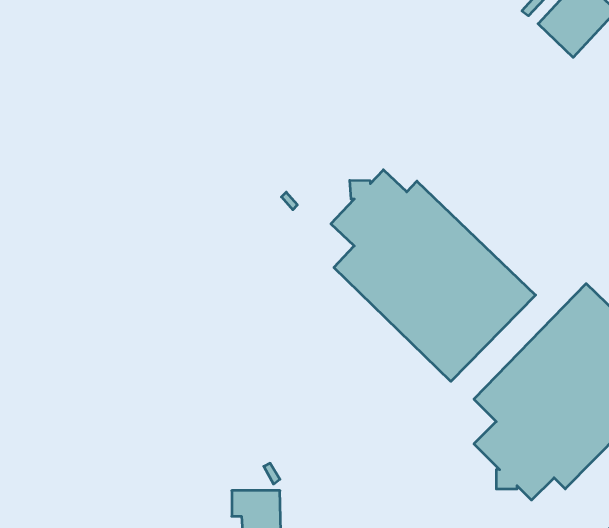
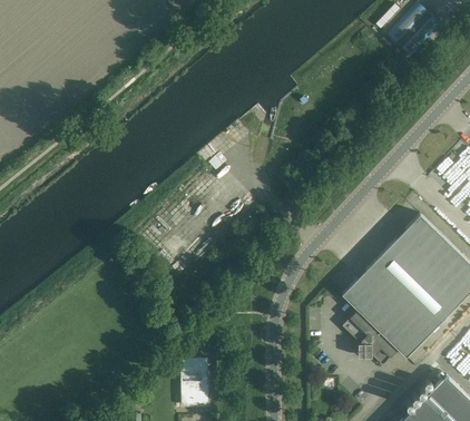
building: [331,170,536,381] -> none

